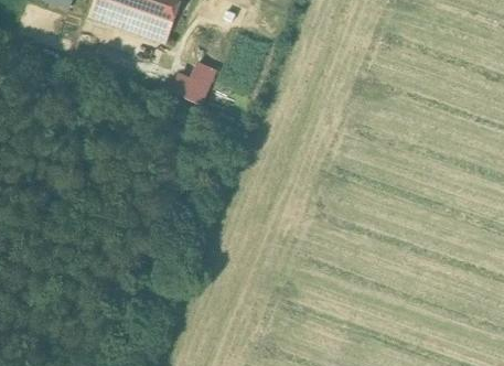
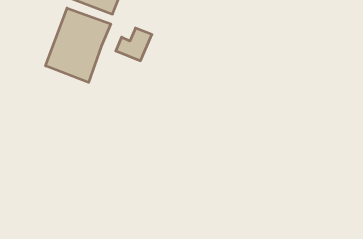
building: none -> [46,8,111,82]

